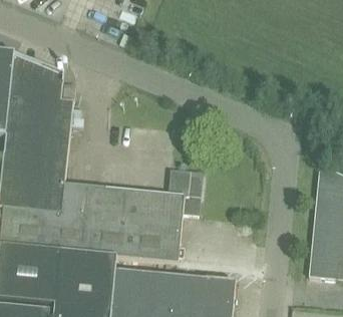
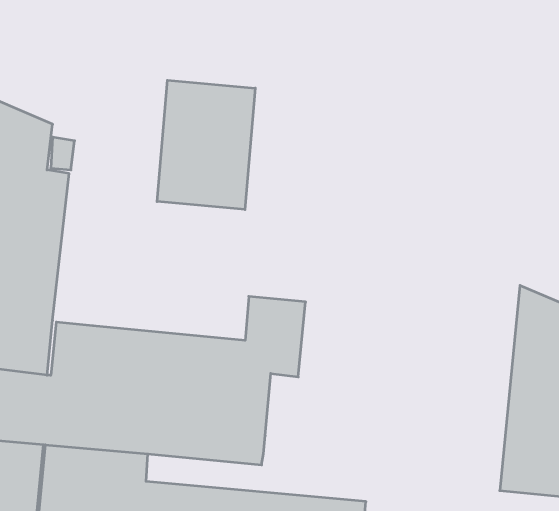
building: none -> [157,80,255,210]

